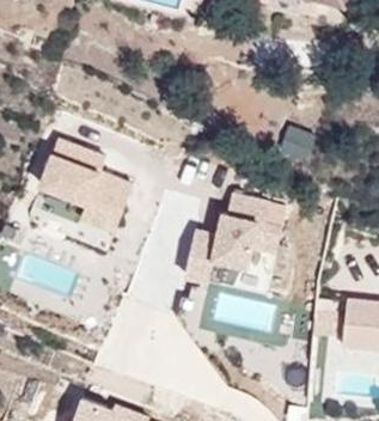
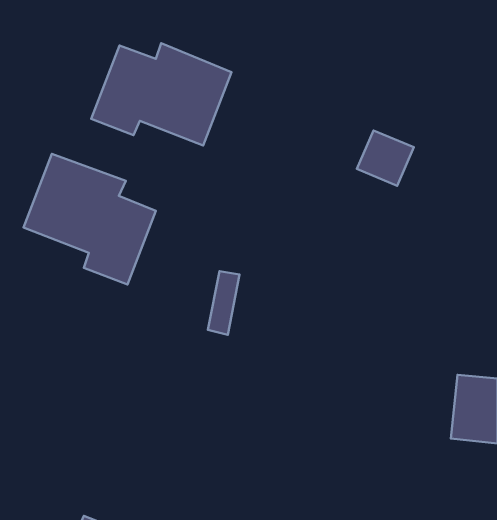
building: none -> [91,43,231,145]
building: [185,196,283,286] -> none

